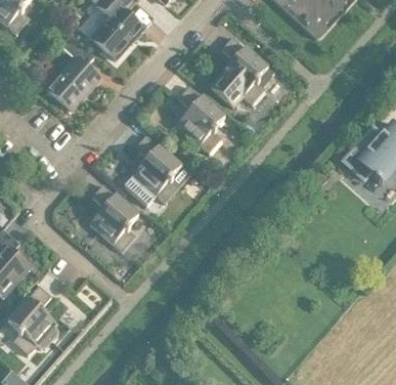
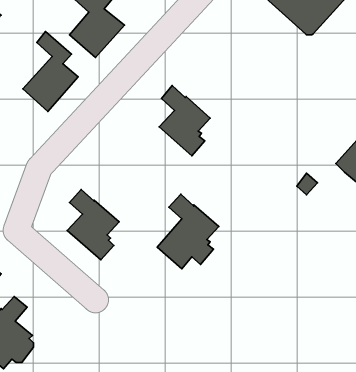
building: [210,37,273,106] -> none
building: [122,135,180,206] -> [157,194,219,269]

